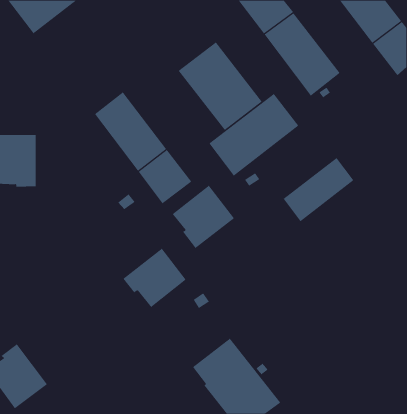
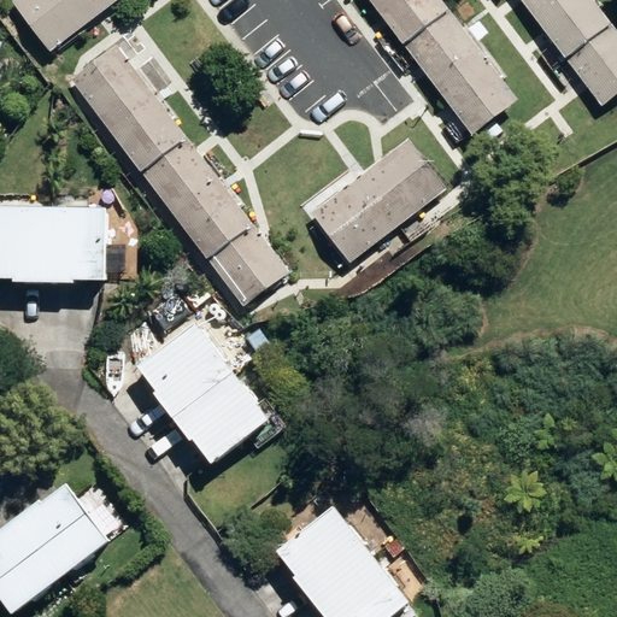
building: none -> [70,45,183,170]
building: [178,42,263,131] -> none
building: none -> [54,200,114,278]
building: [283,157,354,222] -> none
building: [172,185,235,249] -> [147,319,241,415]
building: none -> [25,478,118,571]

